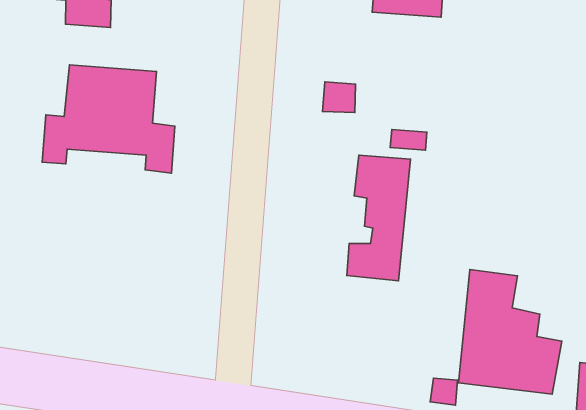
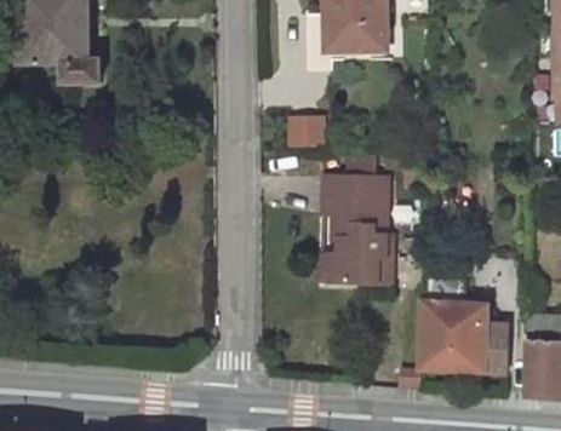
building: [42,65,175,173] -> none
building: none -> [365,178,393,283]

